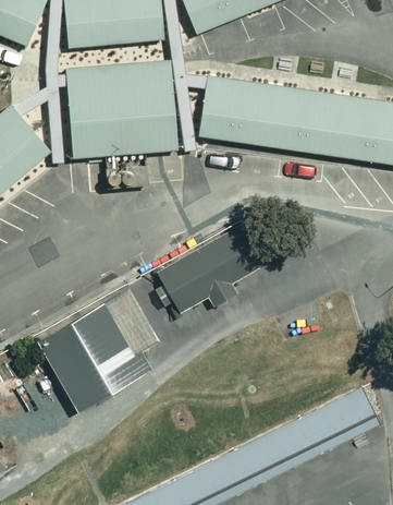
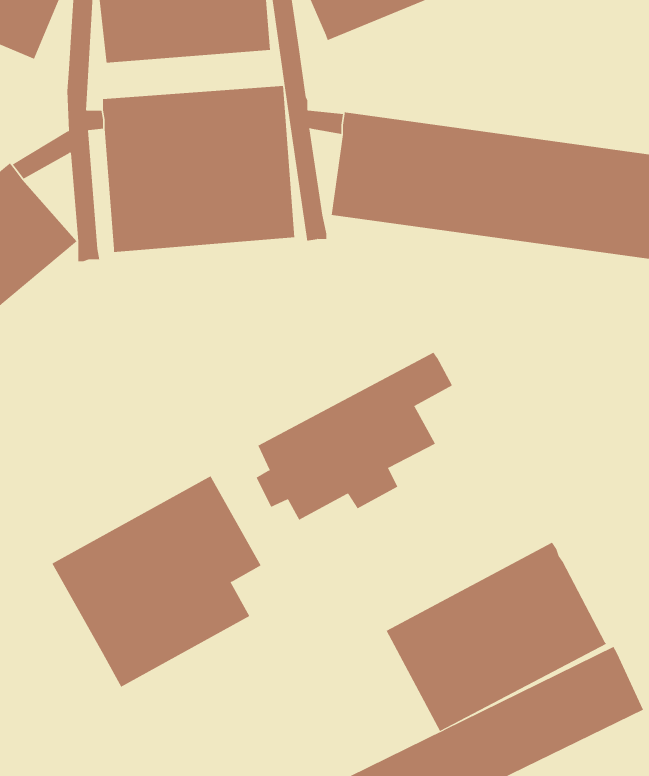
building: none -> [386,542,607,732]

